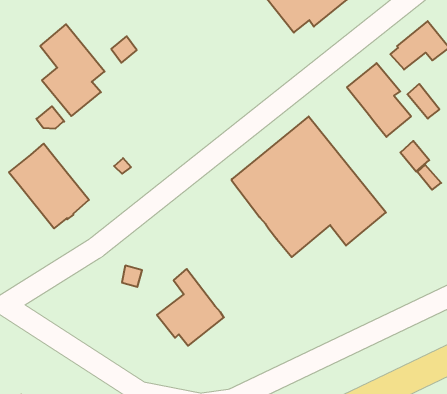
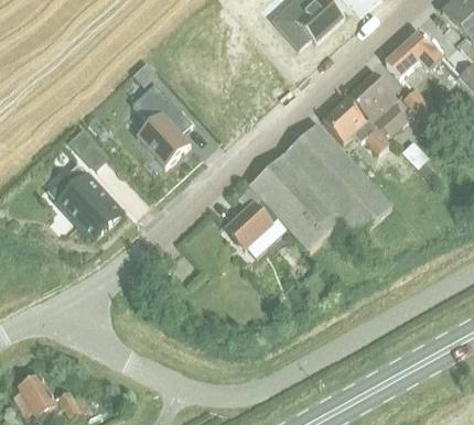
building: [40,24,105,116] -> [132,81,192,164]
building: none -> [321,97,390,152]
building: [157,269,224,346] -> [225,184,286,253]

